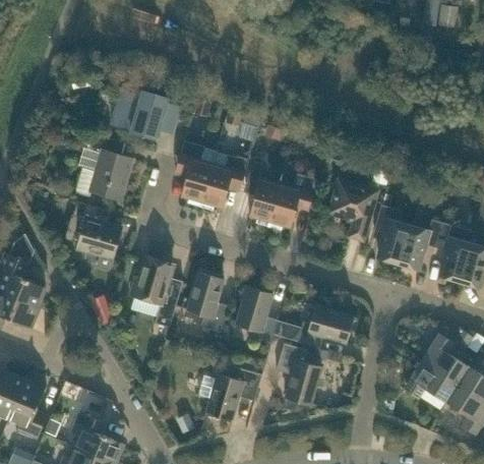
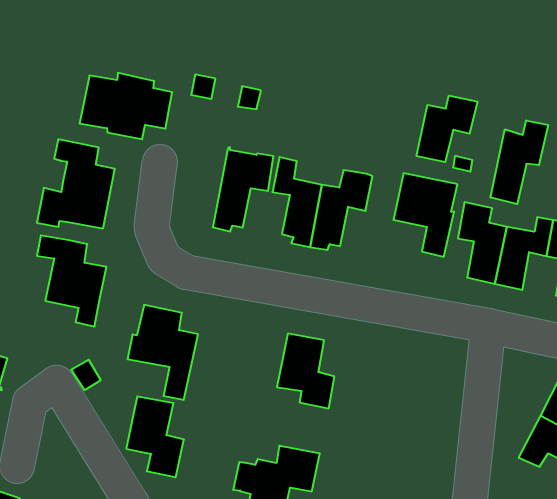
building: none -> [417,96,478,162]
building: [176,141,215,207] -> none
building: none -> [490,120,548,204]
building: [186,273,228,333] -> [126,396,184,477]
building: [296,306,352,348] -> none
building: [275,344,320,405] -> none

